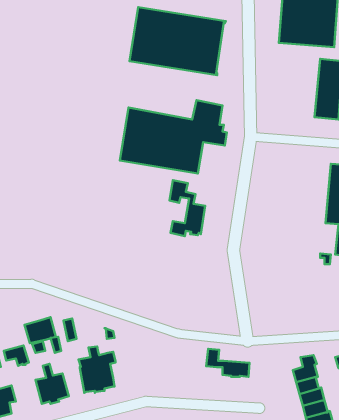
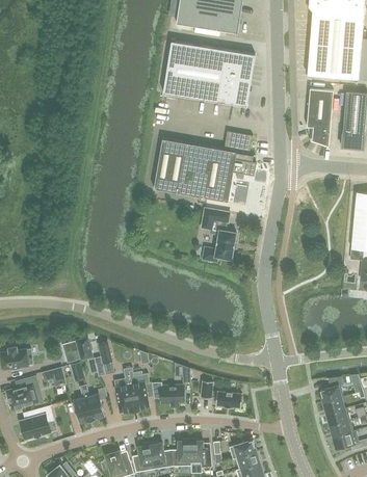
building: none -> [306,88,333,147]
building: [206,349,249,377] -> [200,380,241,407]
building: none -> [152,382,183,405]

